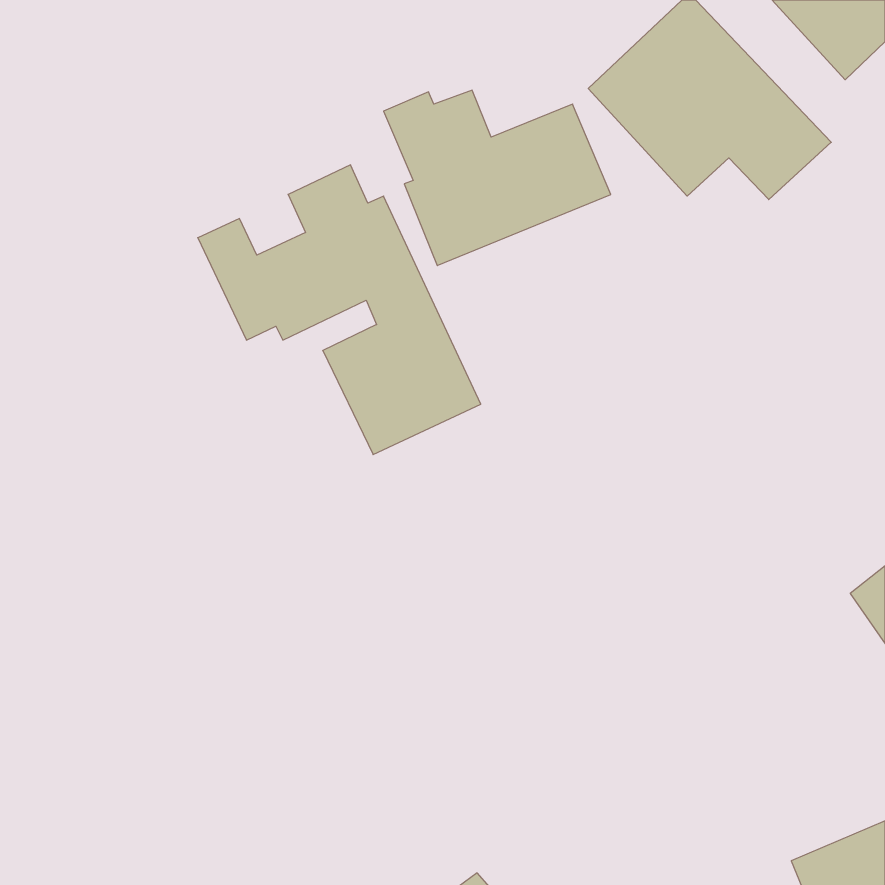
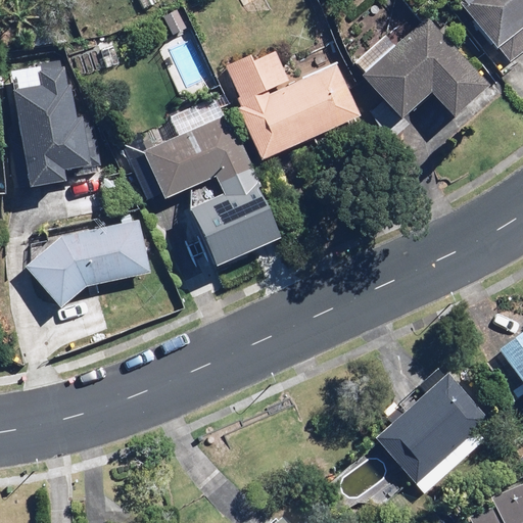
building: none -> [10,64,92,188]
building: none -> [27,221,150,306]
building: none -> [376,373,488,494]

